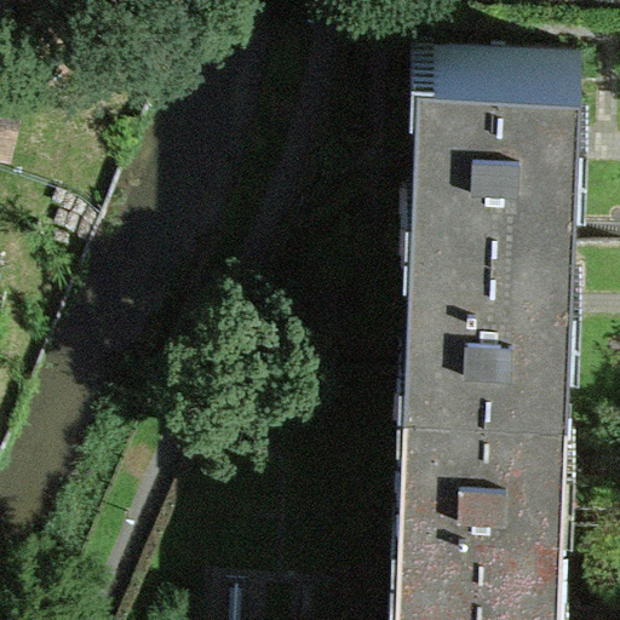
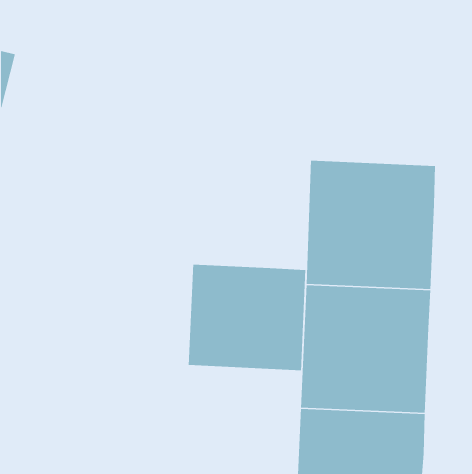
building: [408,45,579,217] -> none
building: none -> [188,264,306,371]

